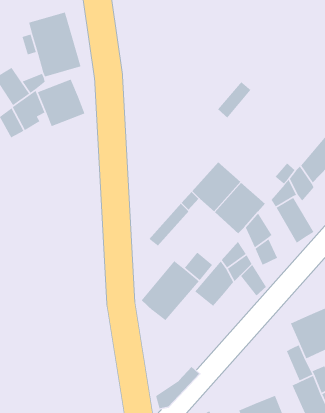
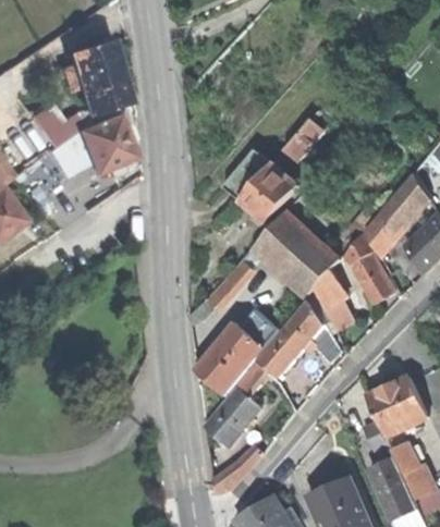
building: none -> [224,148,300,223]
building: none -> [206,364,269,445]

